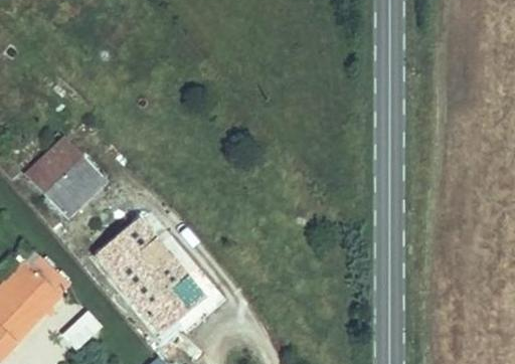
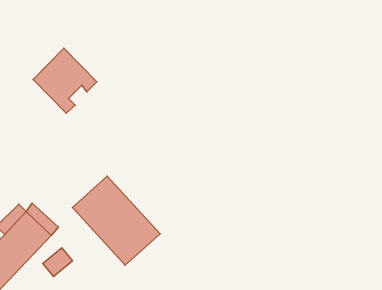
building: [25,137,103,216] -> [33,48,97,113]

